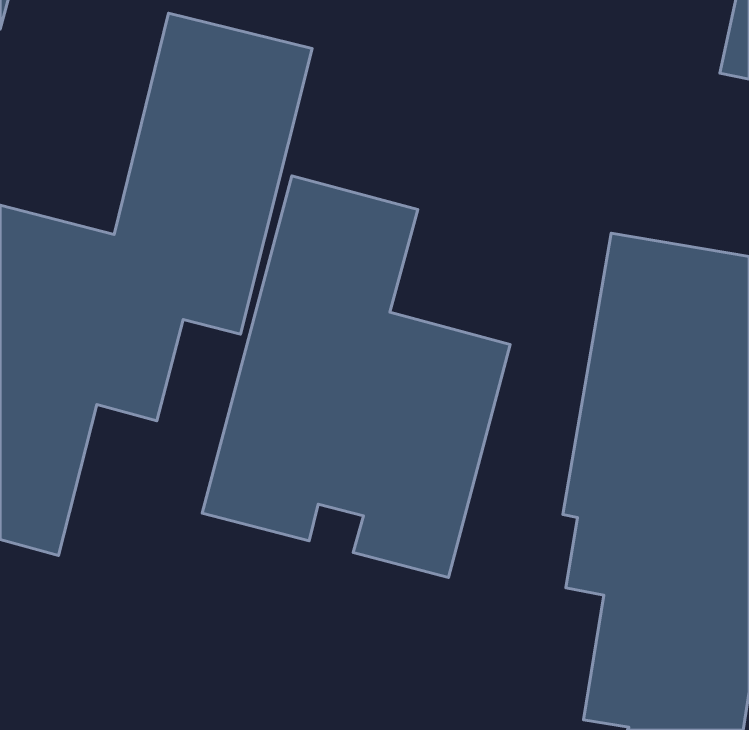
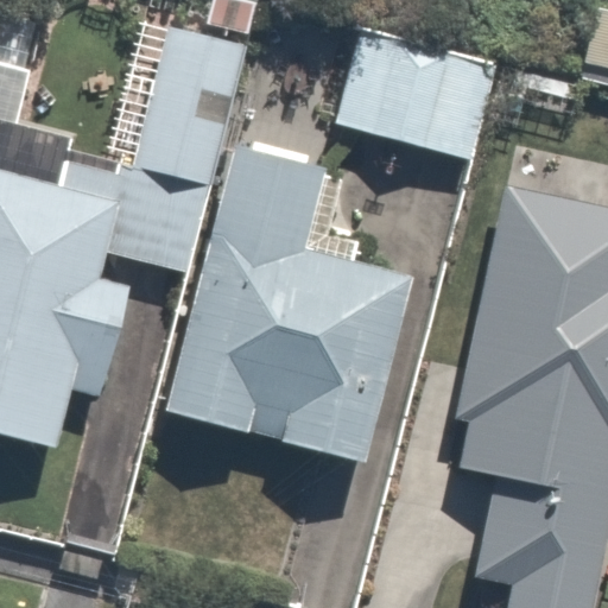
building: none -> [331,27,500,160]

